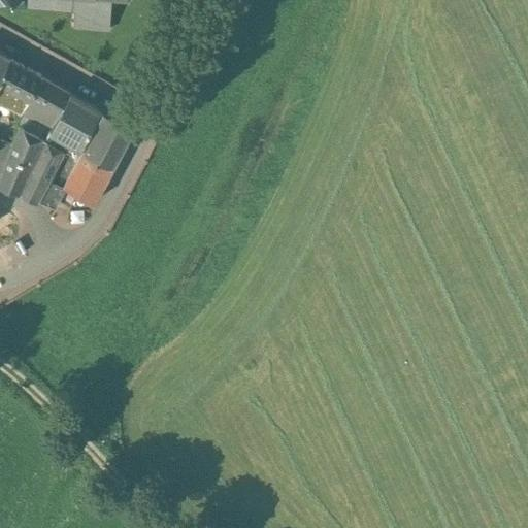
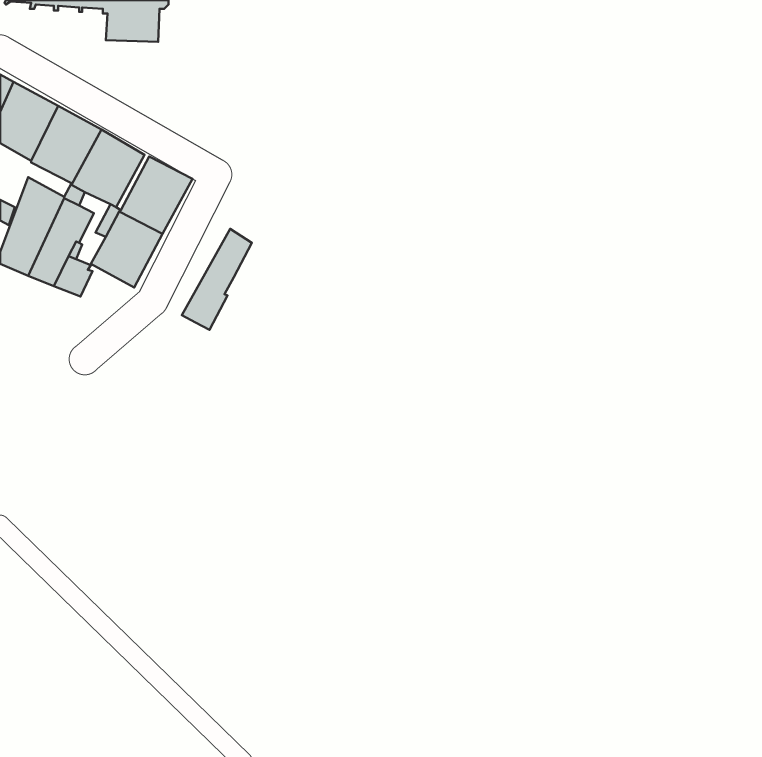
building: none -> [182,229,252,330]

